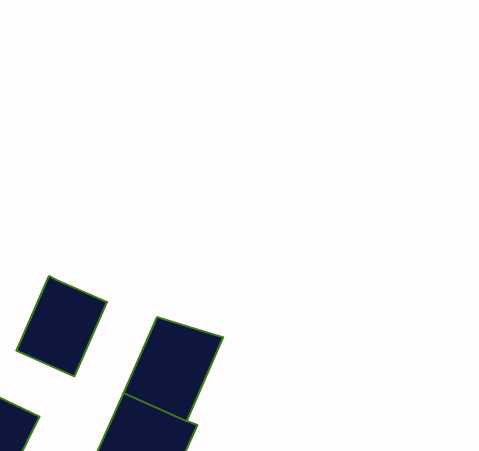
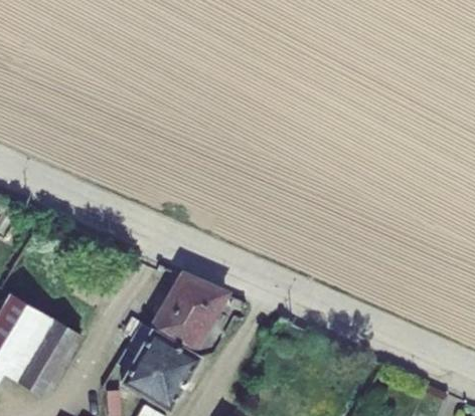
building: [16,276,107,376] -> none

